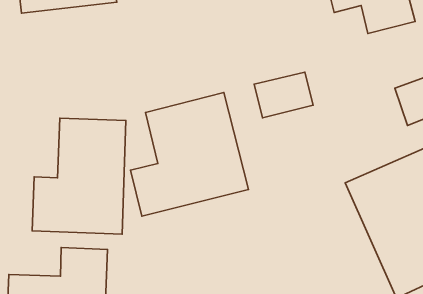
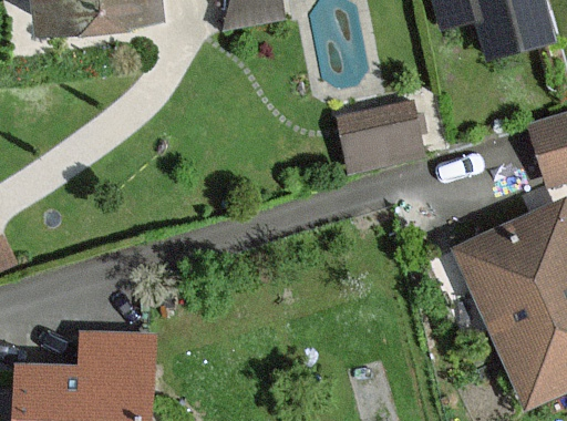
building: [130,92,249,216] -> none
building: [32,118,126,234] -> none

